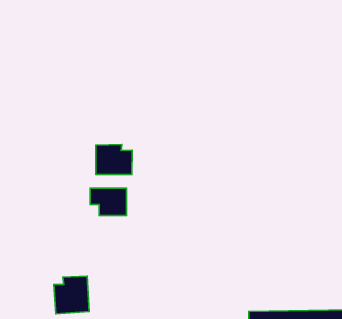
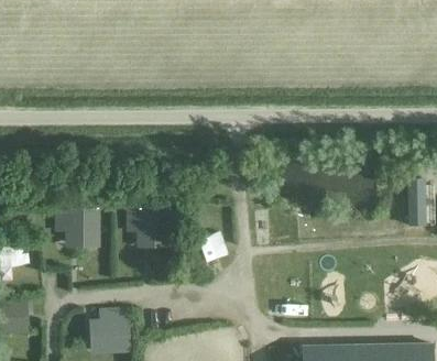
building: [96,145,132,175] -> none
building: none -> [57,212,97,242]

